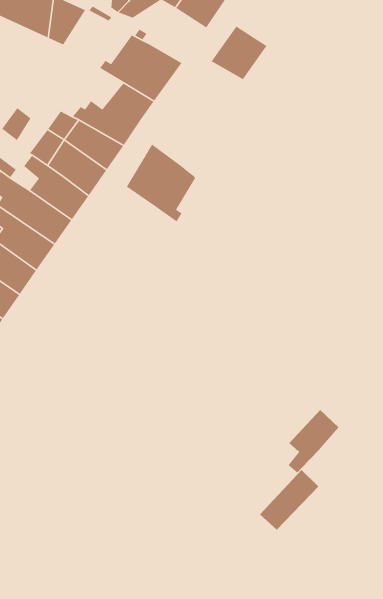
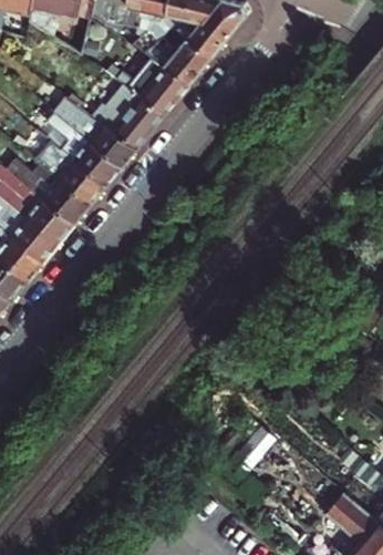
building: [211,26,267,80] -> [165,37,213,82]
building: [126,144,196,223] -> none
building: [288,409,340,474] -> none

